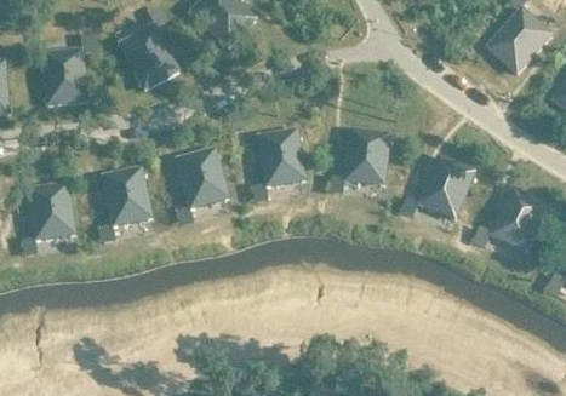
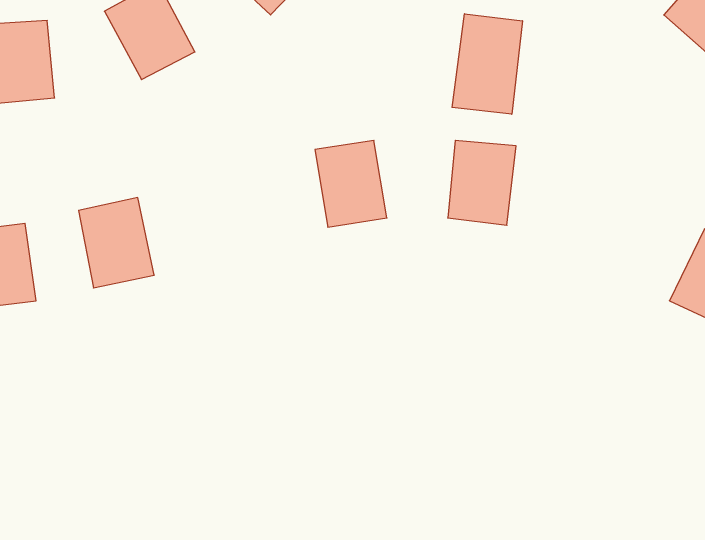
building: none -> [452,14,522,114]
building: [177,148,229,207] -> none
building: [419,155,475,218] -> none

